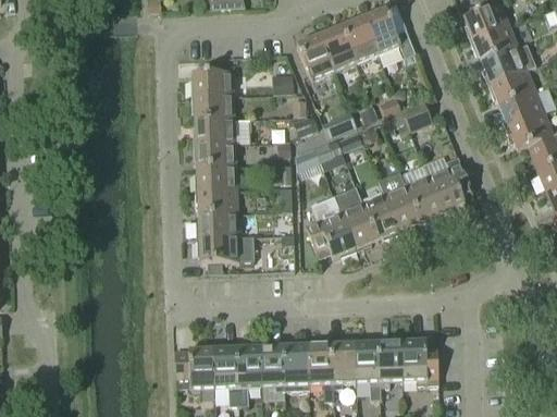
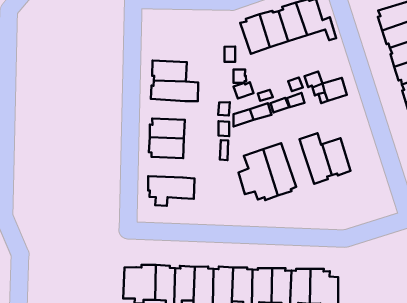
building: [191,71,234,96] -> none
building: [193,143,236,167] -> none
building: [428,157,472,214] -> none
building: [362,194,399,238] -> none
building: [196,212,238,237] -> none

